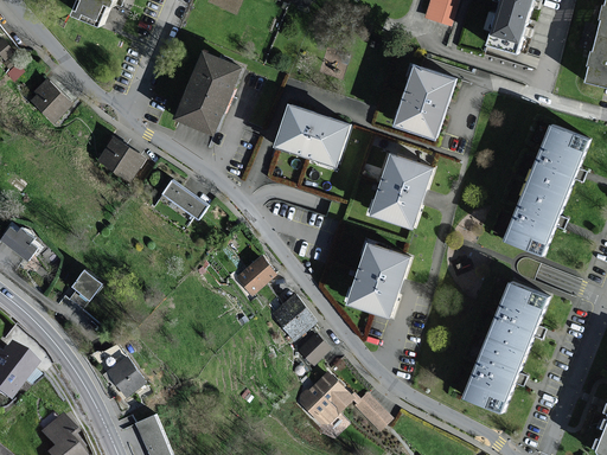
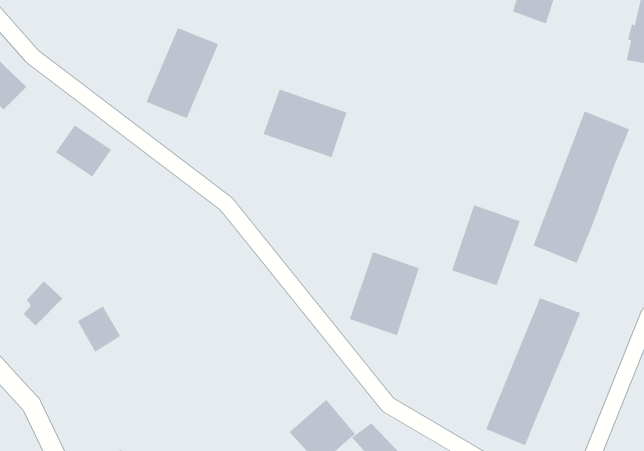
building: [394,66,453,137] -> none
building: [371,156,430,226] -> [451,204,521,286]
building: [158,174,209,223] -> none
building: [234,254,277,296] -> none
building: [275,291,317,340] -> none
building: [298,333,330,364] -> none
building: [108,358,146,398] -> [77,306,121,353]

